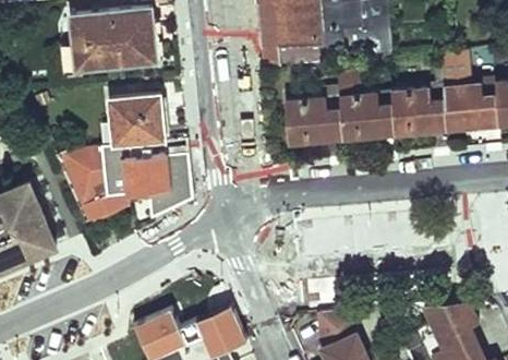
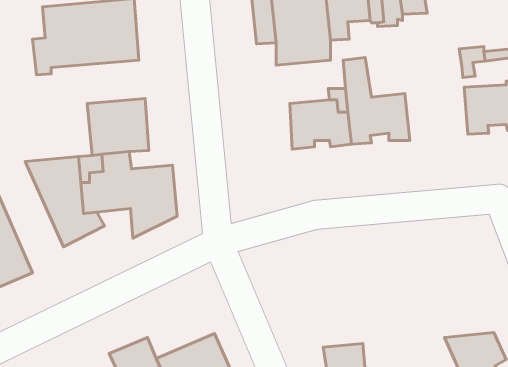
building: [390,86,446,133] -> none

